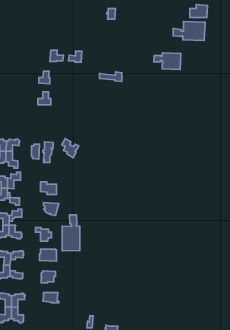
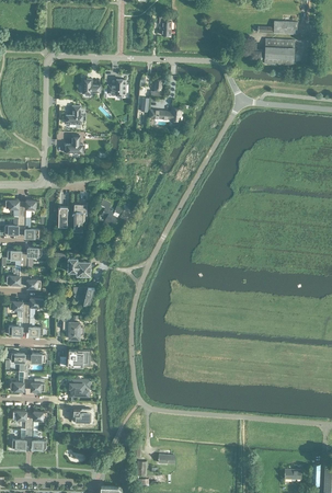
building: [154,53,181,70] -> none
building: [62,215,80,251] -> none

